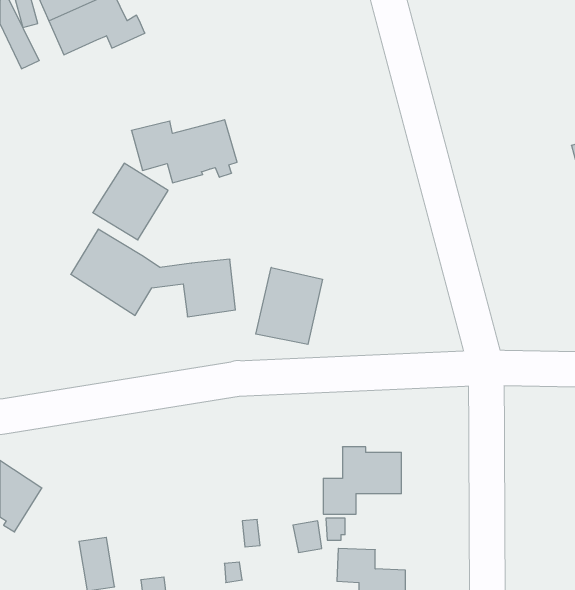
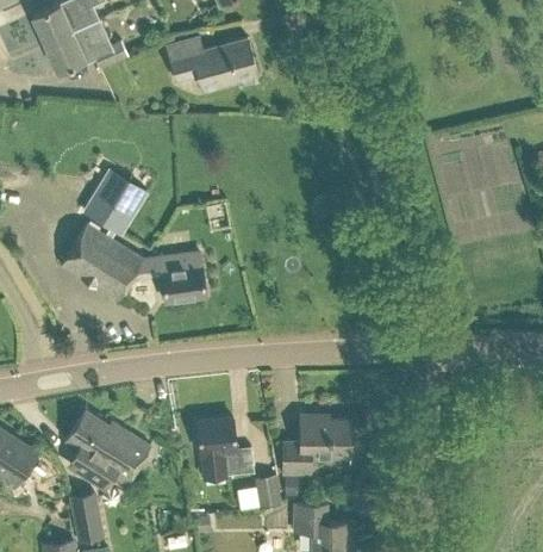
building: [131,120,237,183] -> [167,38,258,93]
building: [256,267,322,344] -> none
building: none -> [68,409,151,483]
building: none -> [196,418,255,477]

